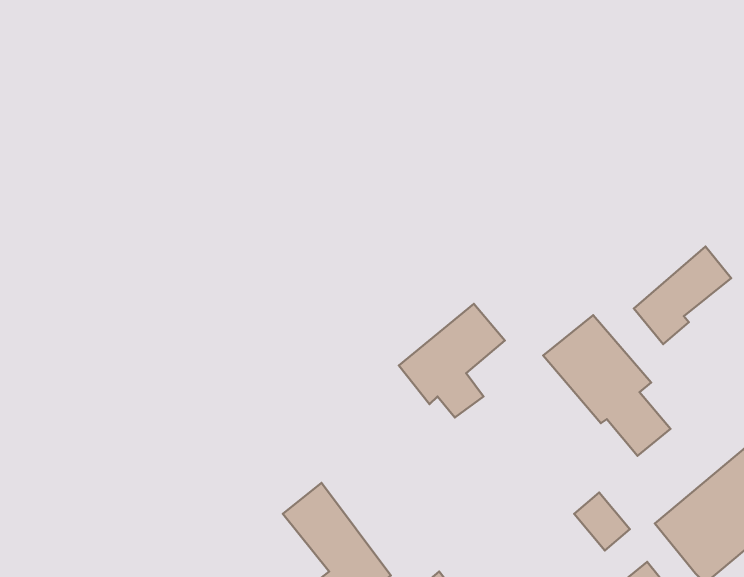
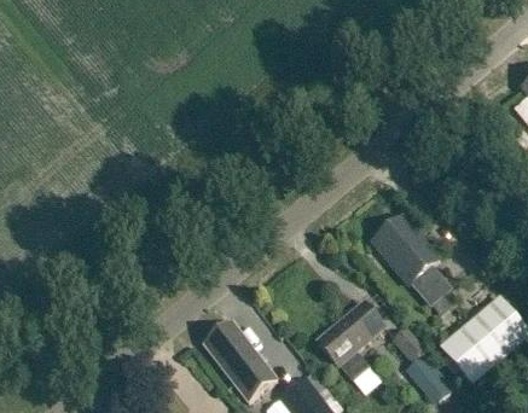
building: [634,247,731,344] -> none
building: [399,304,505,418] -> [317,301,383,372]

